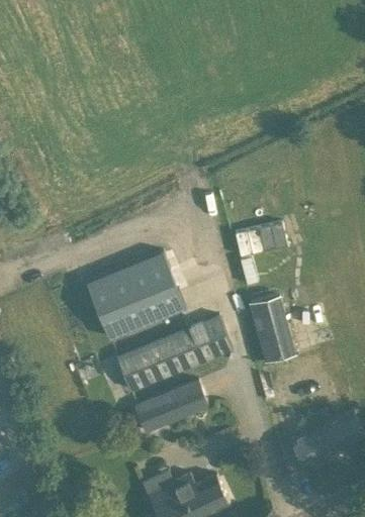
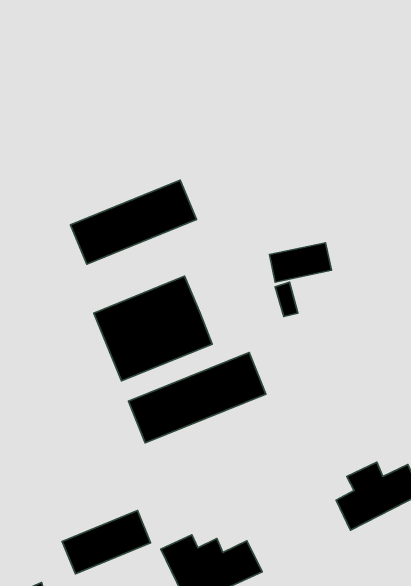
building: none -> [71,180,196,264]
building: [250,295,297,364] -> none
building: [134,381,209,434] -> [62,511,151,574]

